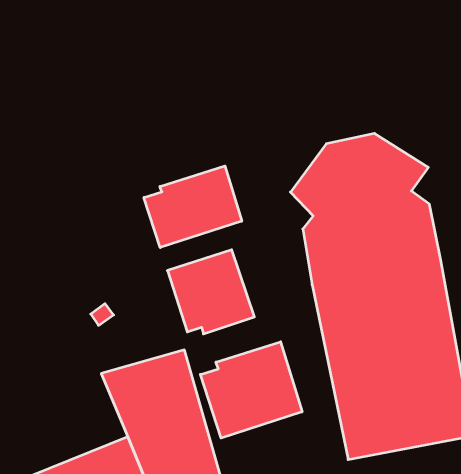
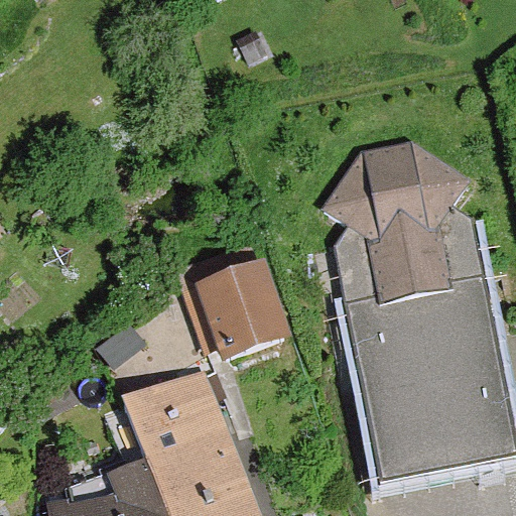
building: [144,166,242,248] -> none
building: [200,342,302,438] -> none

